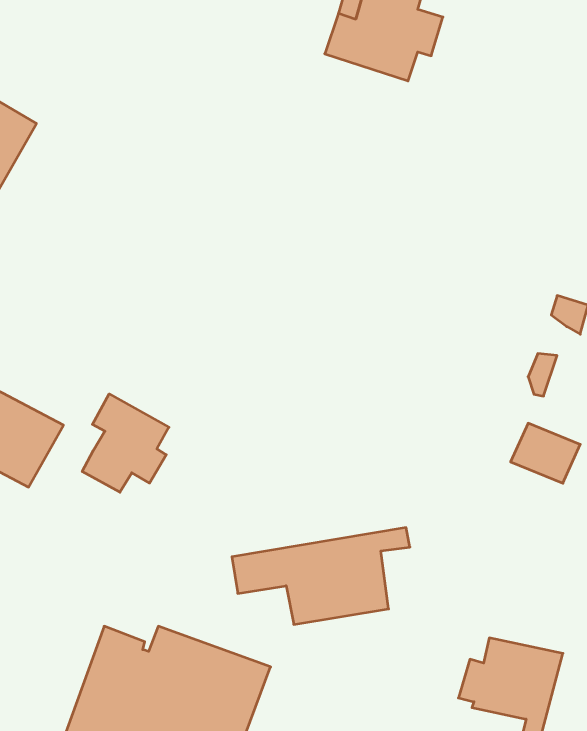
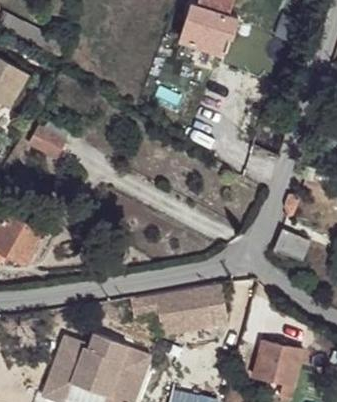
building: none -> [27,119,69,158]
building: [82,394,169,492] -> none

